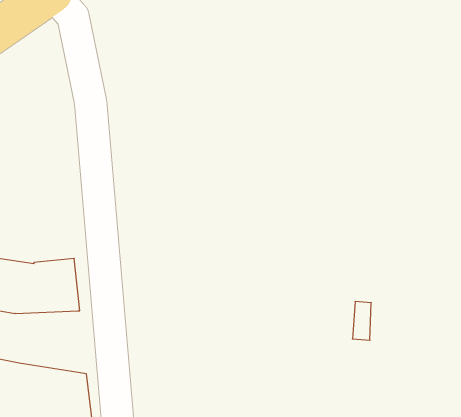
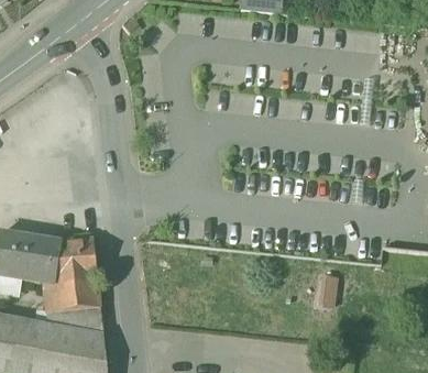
building: none -> [44,279,102,331]

